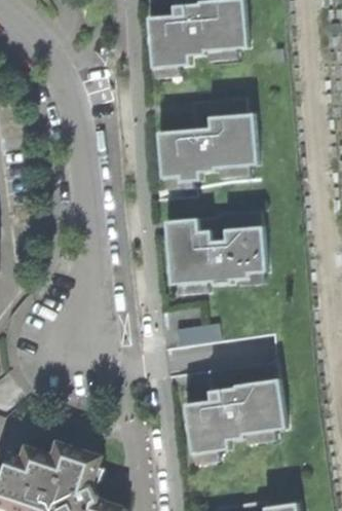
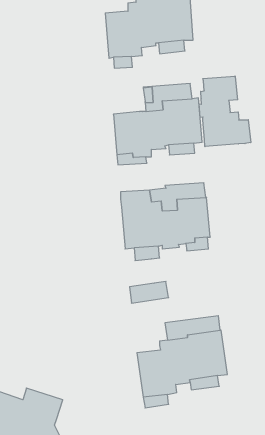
building: none -> [199,76,251,147]

